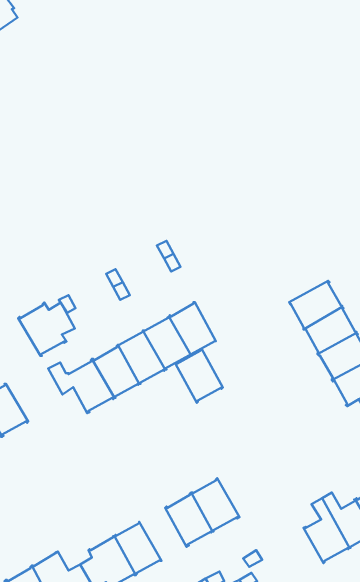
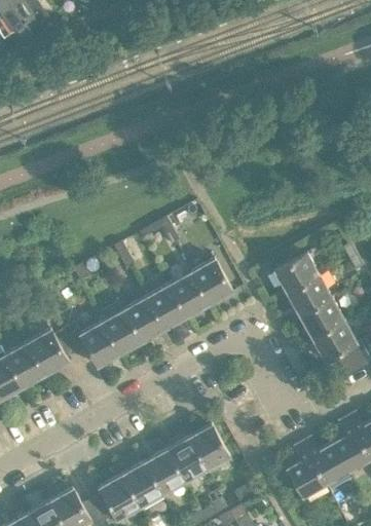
building: [18,303,75,356] -> [27,329,76,375]
building: [175,349,223,403] -> [191,258,232,305]
building: none -> [143,450,184,496]

